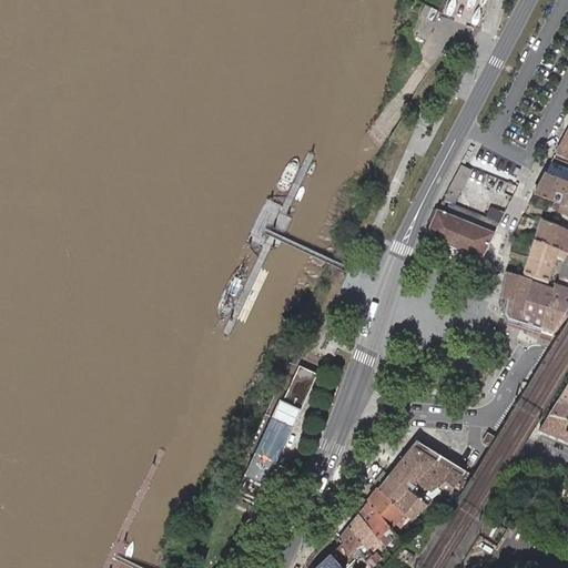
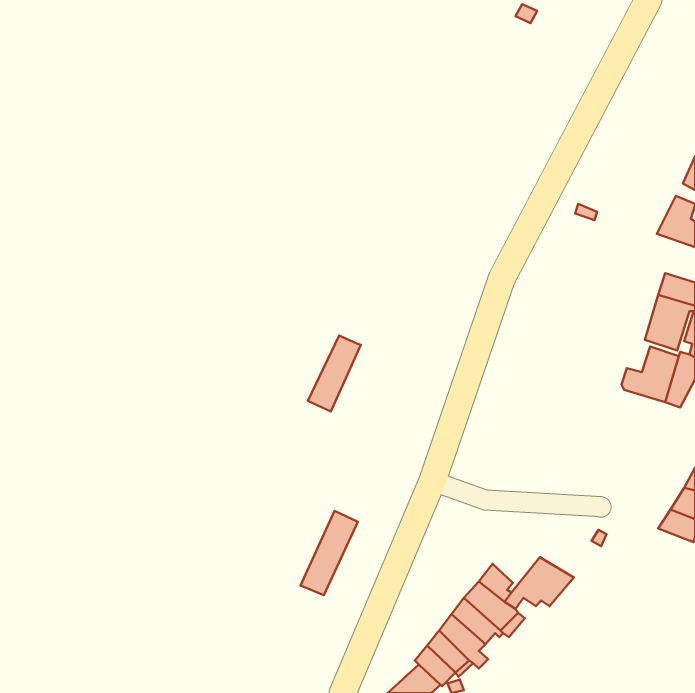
building: [429,192,500,255] -> none
building: [504,274,530,304] -> none
building: [273,364,316,426] -> [308,335,361,412]
building: [402,440,440,484] -> none

